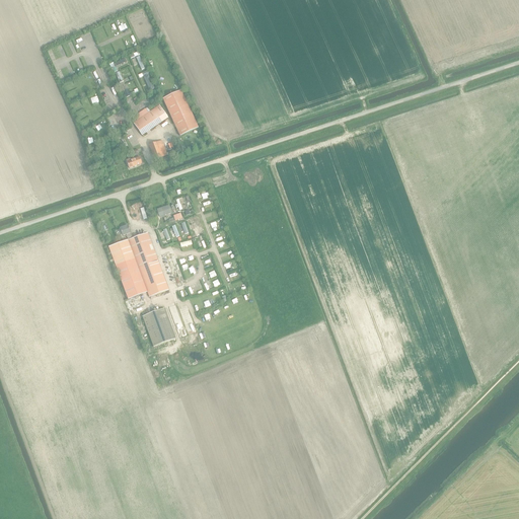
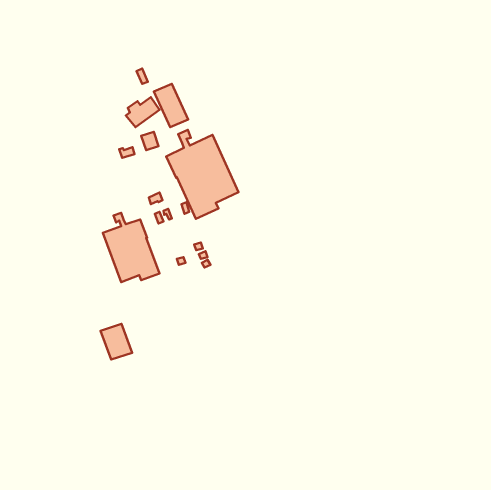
building: none -> [166,130,239,219]
building: [142,307,175,345] -> [101,324,132,360]

